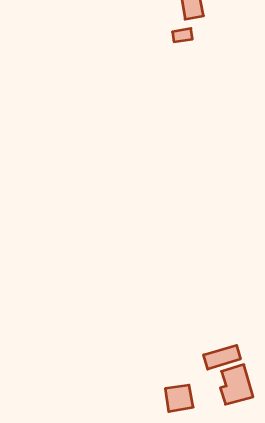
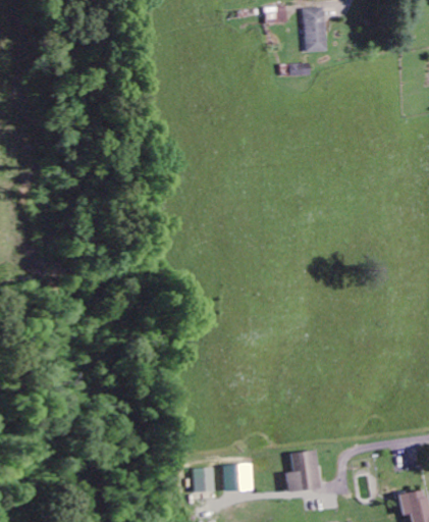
building: [204,345,240,369] -> none
building: none -> [193,468,214,492]

